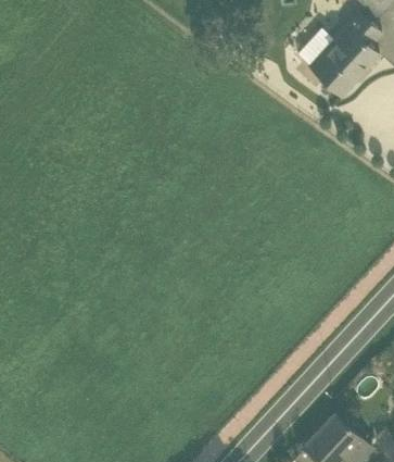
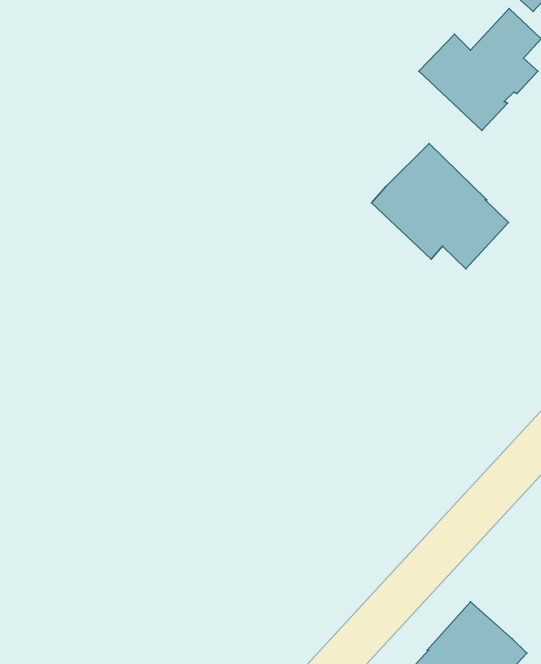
building: none -> [372,143,508,269]

